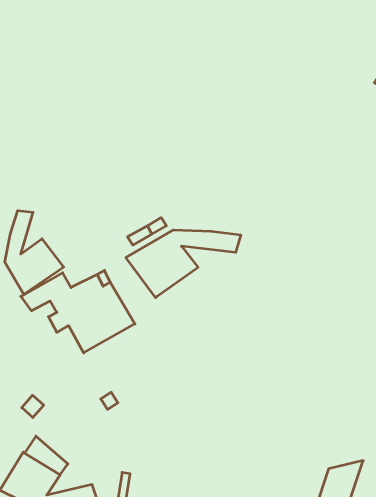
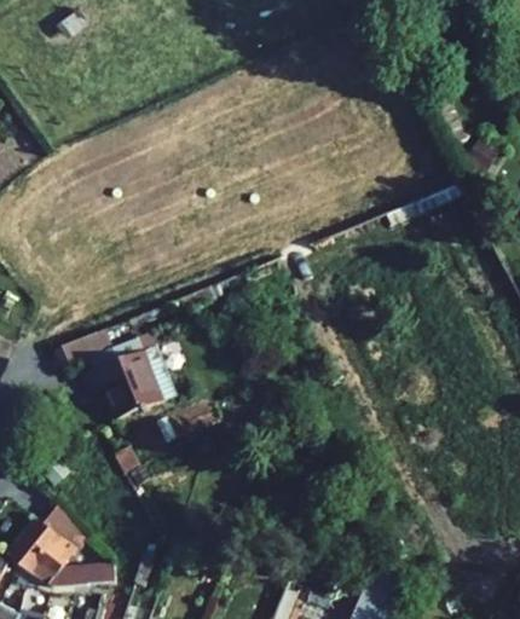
building: [5,211,64,295] -> none
building: [126,230,241,298] -> none

